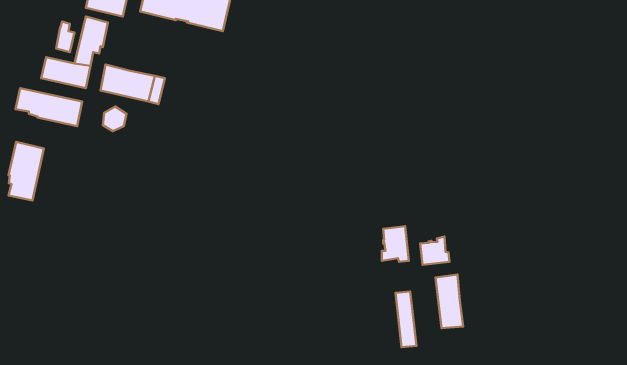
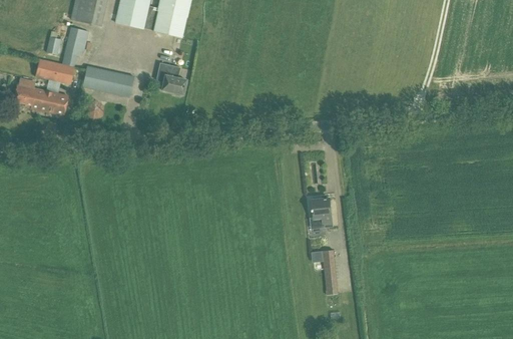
building: none -> [157,63,185,95]
building: [8,142,44,200] -> none
building: [420,237,449,265] -> none
building: [436,275,463,328] -> none

